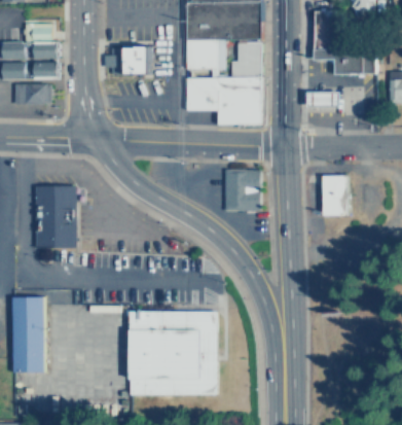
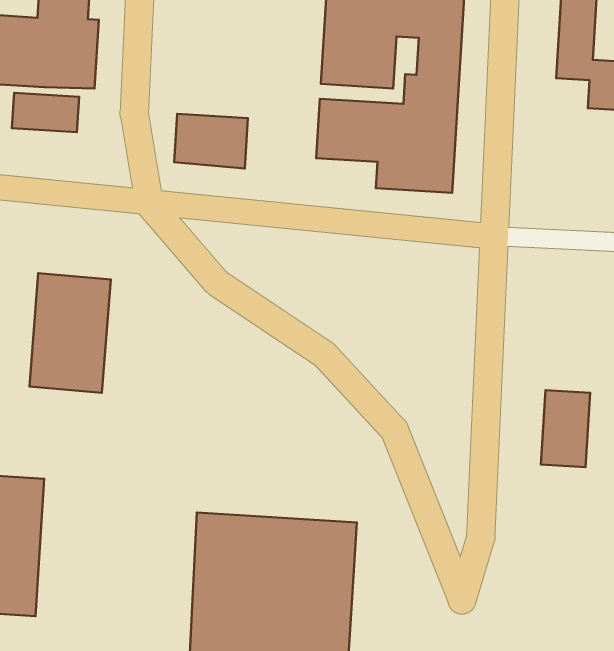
building: [111,47,150,75] -> [174,114,248,168]
building: [310,94,342,108] -> none
building: [222,169,259,210] -> none
building: [322,174,346,215] -> [541,390,590,467]

